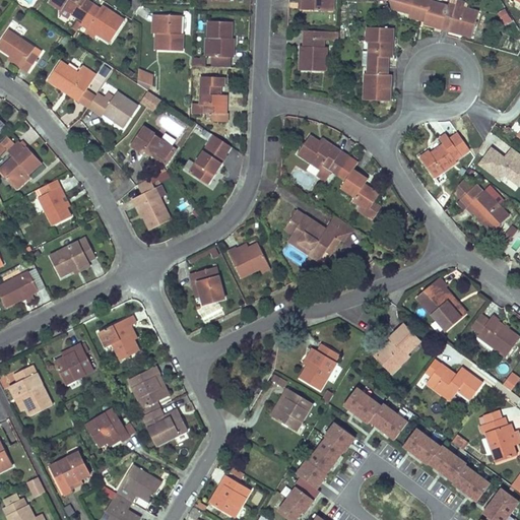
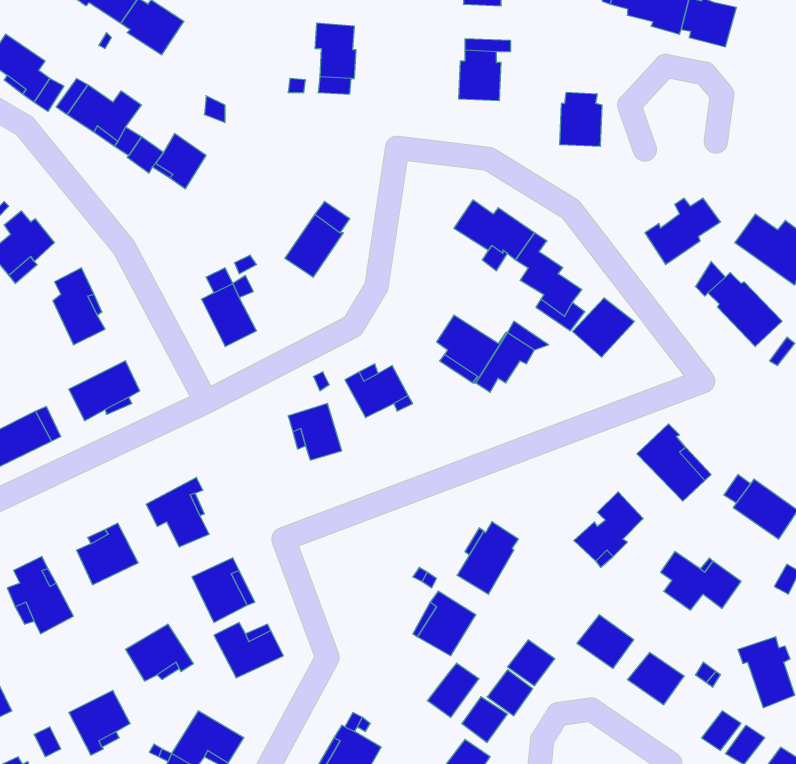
building: [156,14,183,51] -> none
building: [367,27,394,67] -> none
building: [199,76,228,123] -> none
building: [131,127,179,167] -> none
building: none -> [573,298,635,357]
building: [349,386,385,419] -> none
building: none -> [427,663,479,718]
building: [433,443,469,476] -> none

